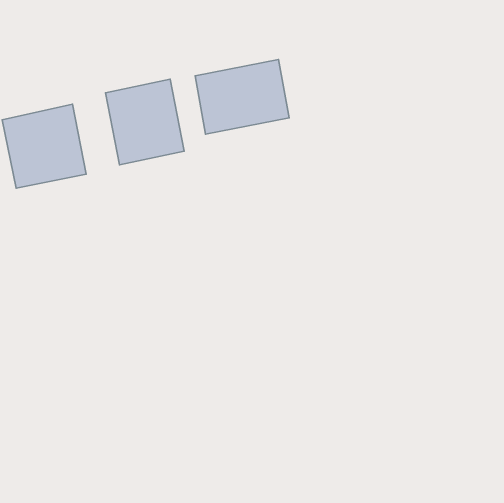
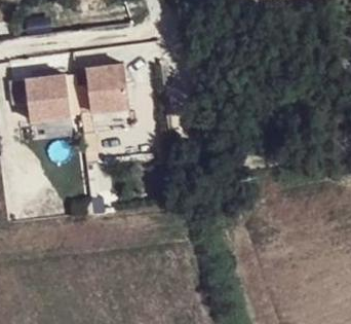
building: [195,59,289,134] -> none

